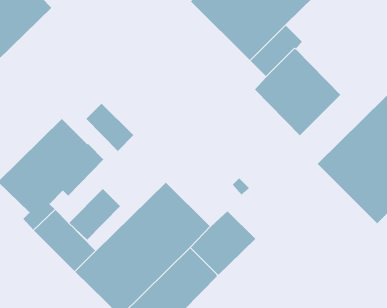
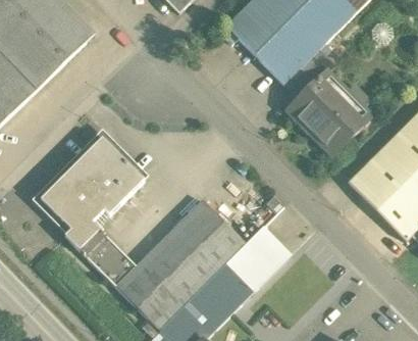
building: [85,103,134,152] -> none
building: [68,188,121,240] -> none

